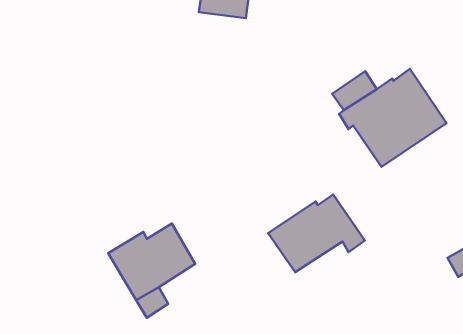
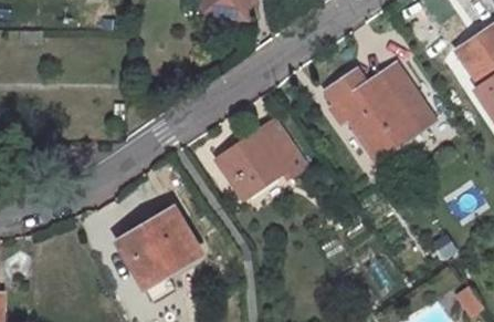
building: [268,194,365,272] -> [218,123,308,196]

